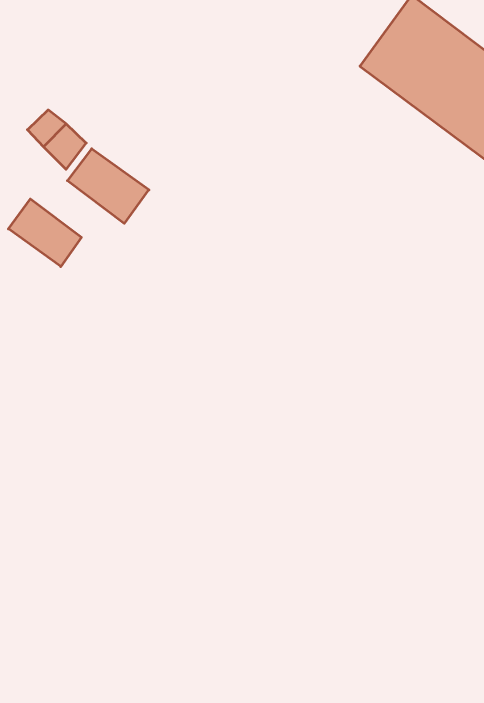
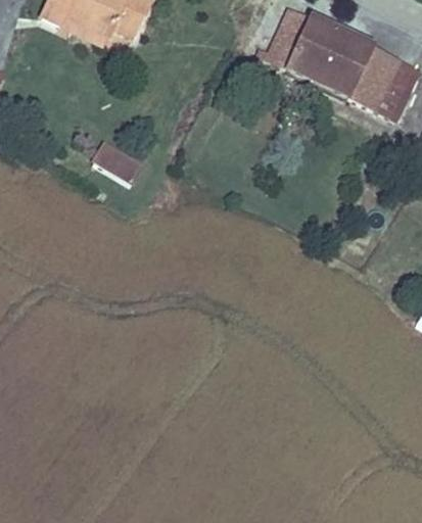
building: [8,199,81,267] -> none

